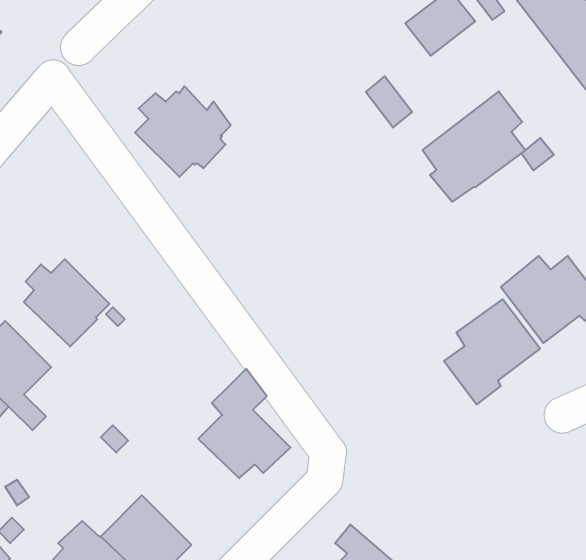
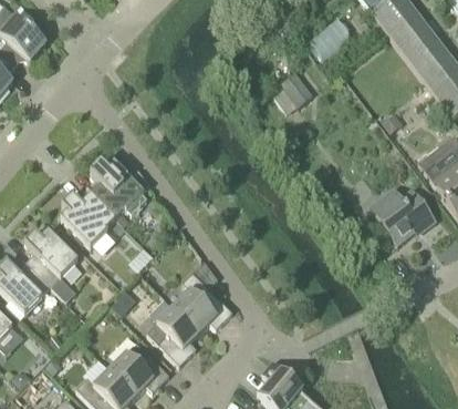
building: [135,86,231,177] -> [86,160,148,218]
building: [423,91,525,202] -> none
building: [444,299,540,404] -> none
building: none -> [156,306,199,365]

